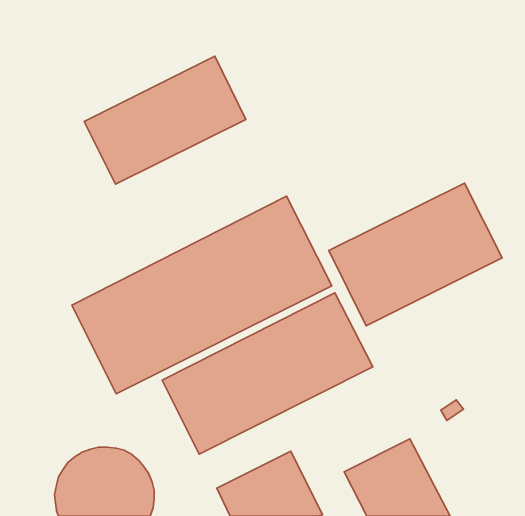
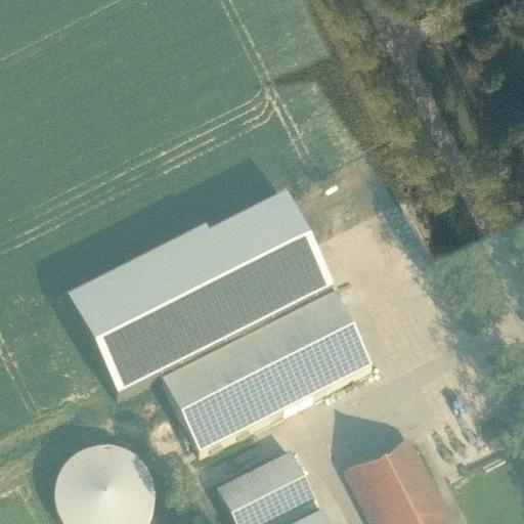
building: [84,56,246,184] -> none
building: [329,183,502,326] -> none

